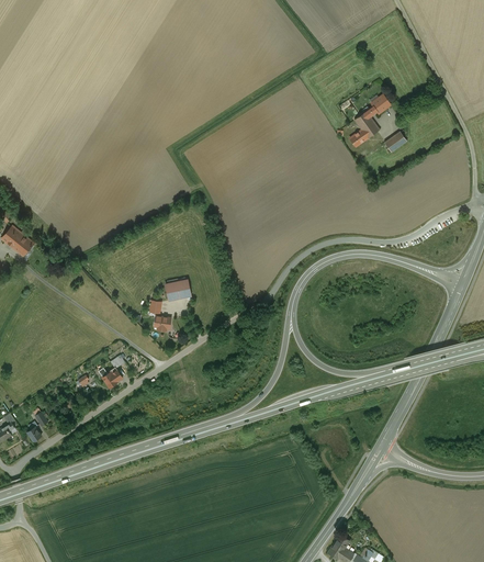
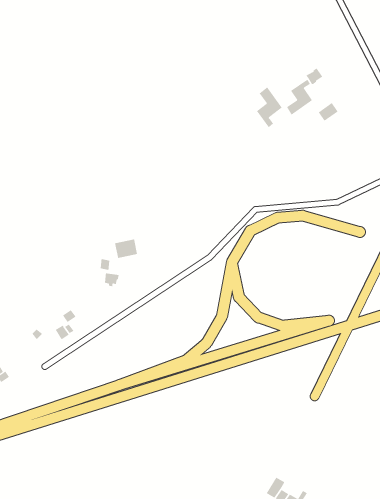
building: none -> [256,86,283,128]

